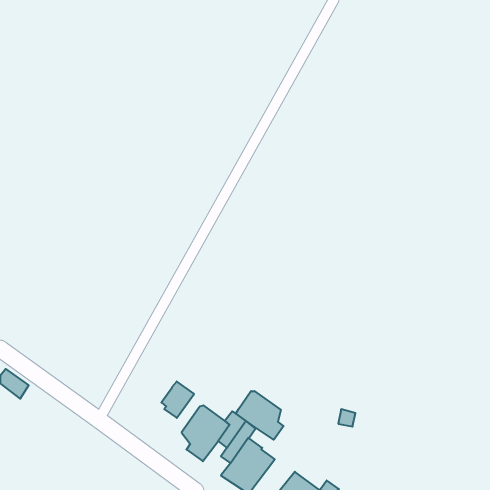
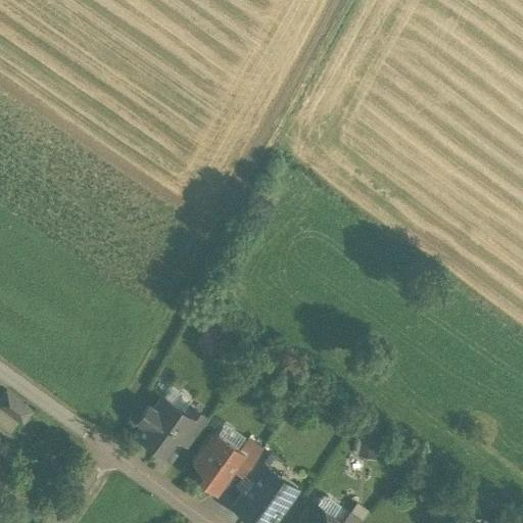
building: none -> [137,397,184,453]
building: [236,391,284,440] -> none

